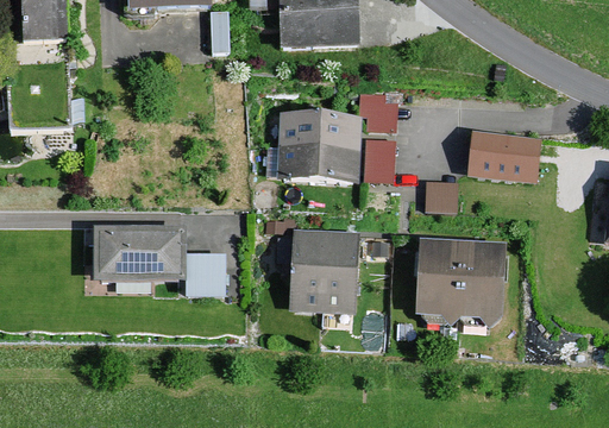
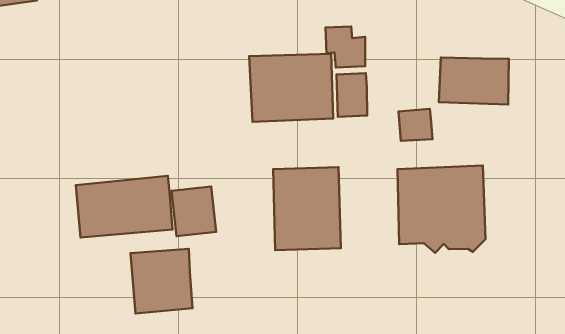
building: none -> [130,249,193,313]

